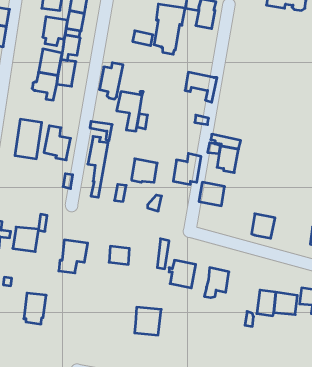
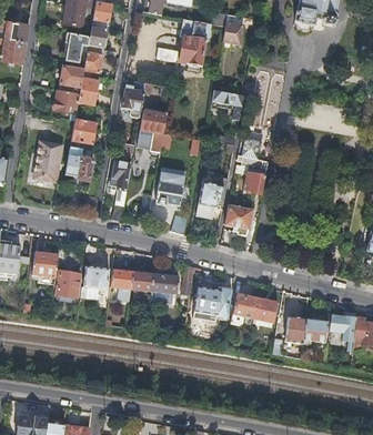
building: none -> [71,118,97,143]
building: [252,214,275,238] -> [253,297,278,323]
building: none -> [111,269,133,300]
building: [24,293,46,324] -> [57,270,80,302]
building: [135,307,161,335] -> [151,273,179,302]

